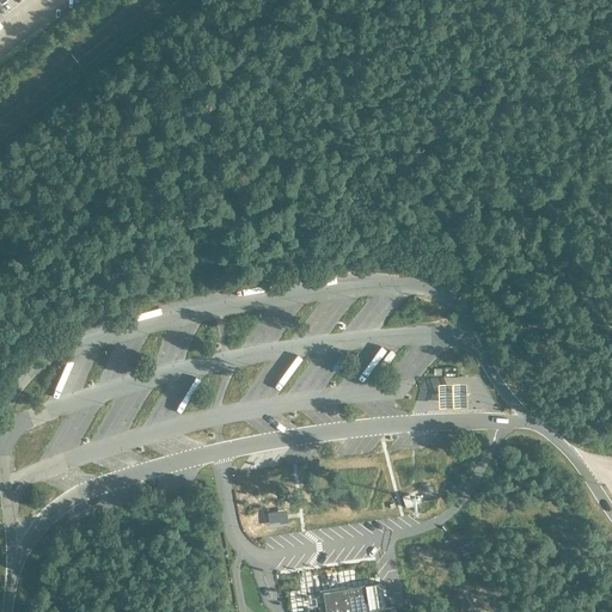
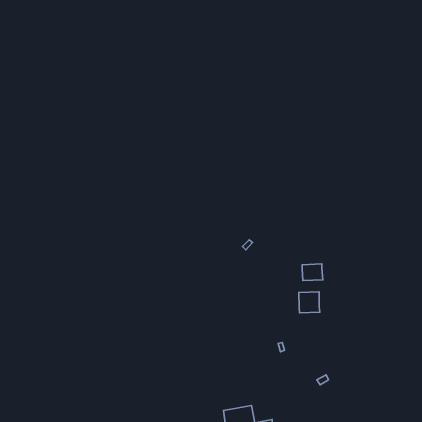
building: none -> [299,292,320,313]

